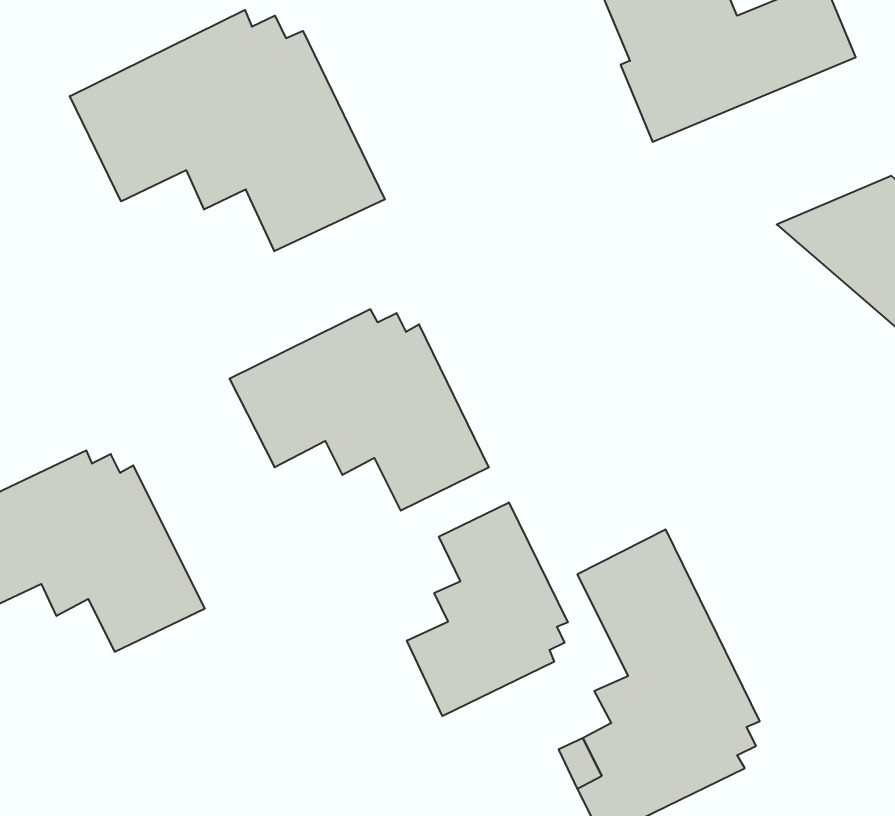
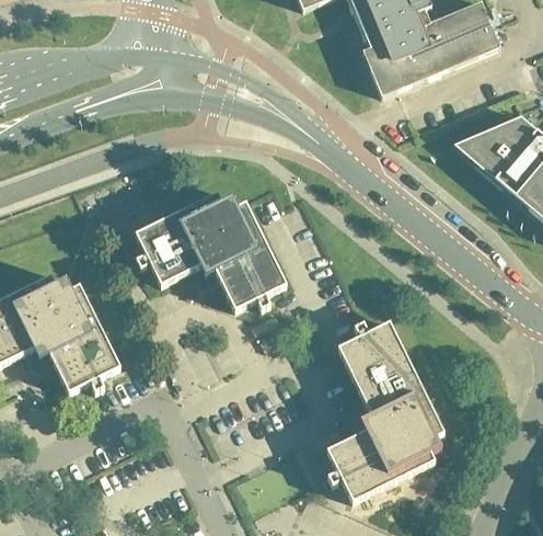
building: [70,10,385,251] -> none
building: [407,502,568,716] -> none

